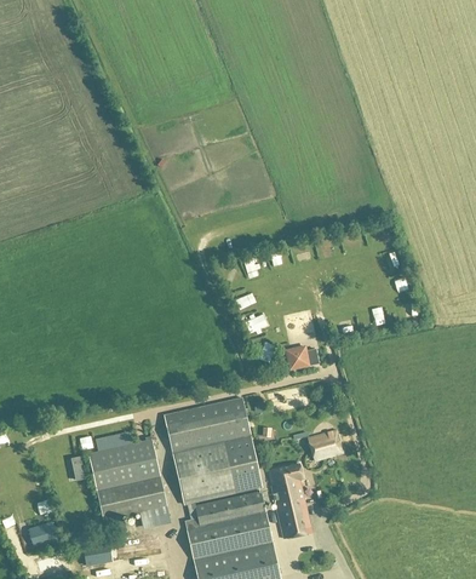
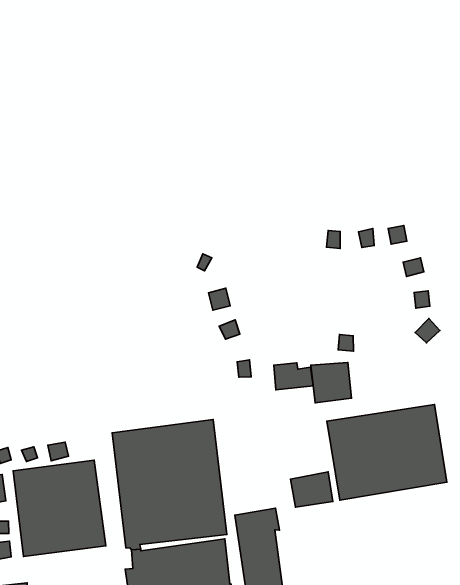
building: none -> [311,362,352,403]
building: none -> [327,404,447,500]

